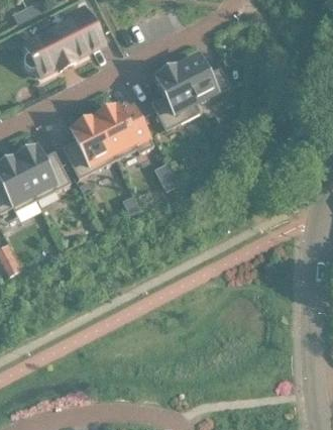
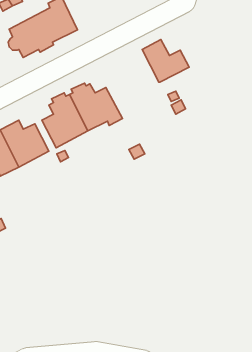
building: [150,65,200,128] -> none

